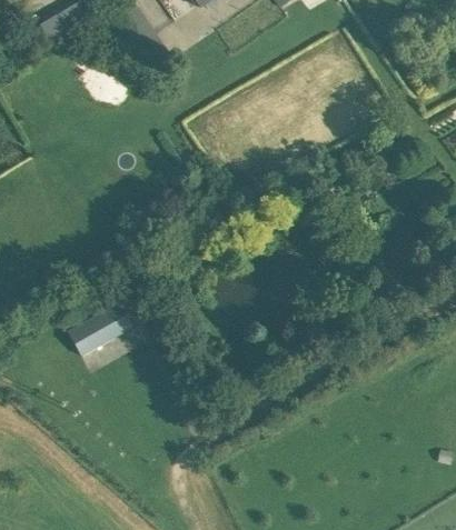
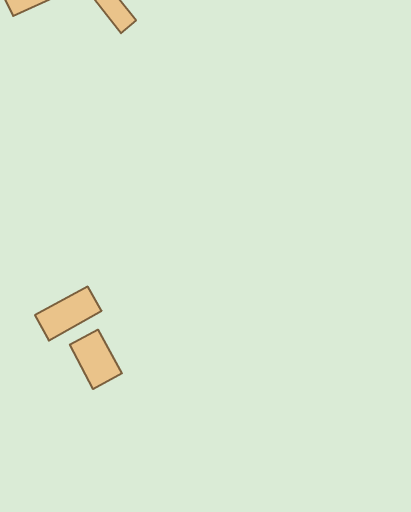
building: none -> [70,330,122,389]

